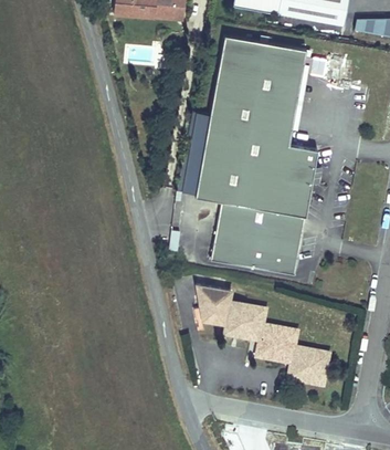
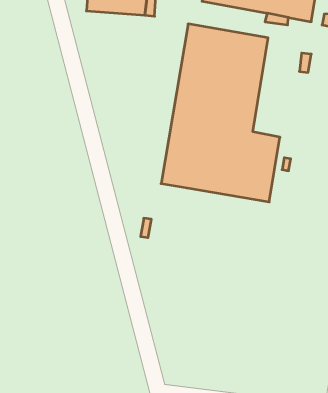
building: [207,195,301,269] -> none
building: [194,281,333,386] -> none

